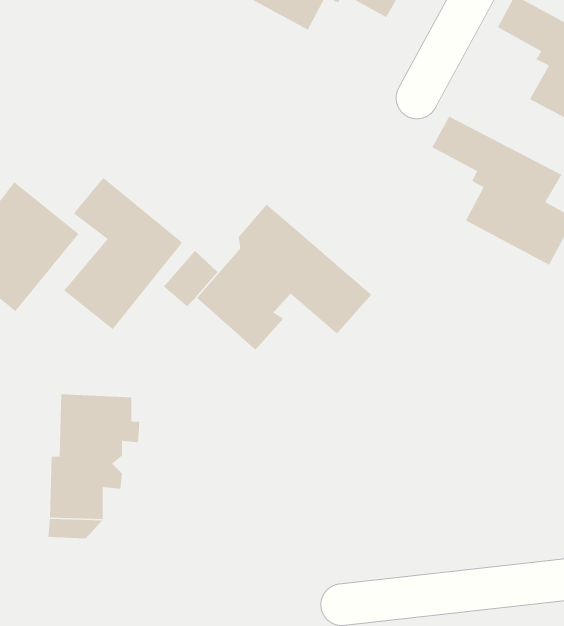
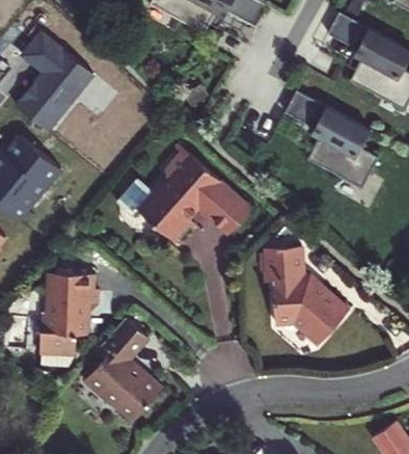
building: [63,177,183,330] -> [13,30,91,130]
building: none -> [262,244,346,343]
building: none -> [85,313,164,417]

